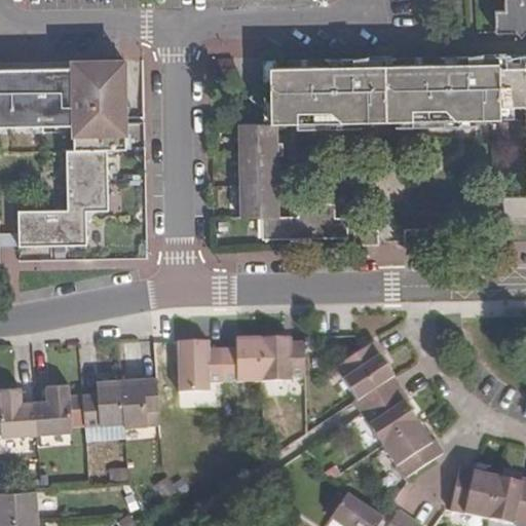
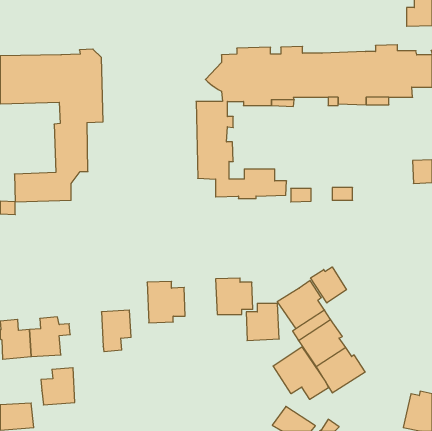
building: none -> [311,267,346,303]
building: [224,339,264,384] -> [246,303,279,341]
building: [84,379,125,424] -> [41,368,75,405]
building: none -> [273,347,329,399]
building: [451,465,499,520] -> none

